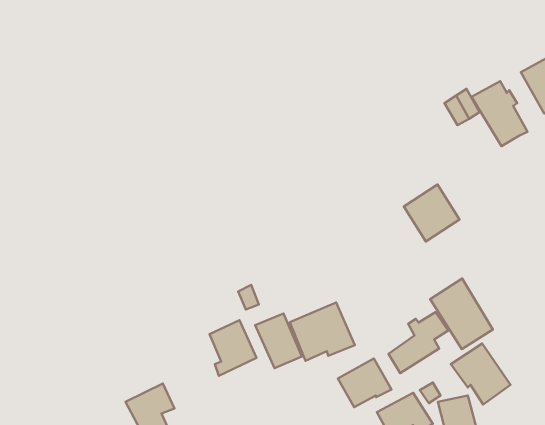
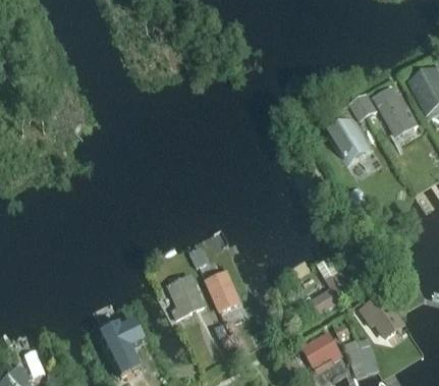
building: [404,184,460,242] -> [326,113,370,158]
building: [430,278,493,349] -> none
building: [290,303,355,361] -> none
building: [338,359,392,407] -> none

